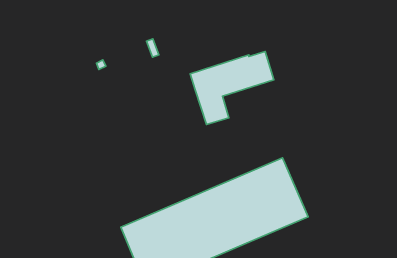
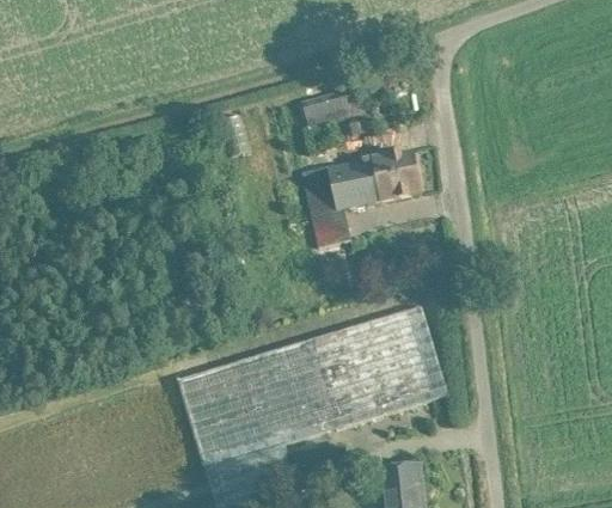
building: none -> [301,85,365,126]

